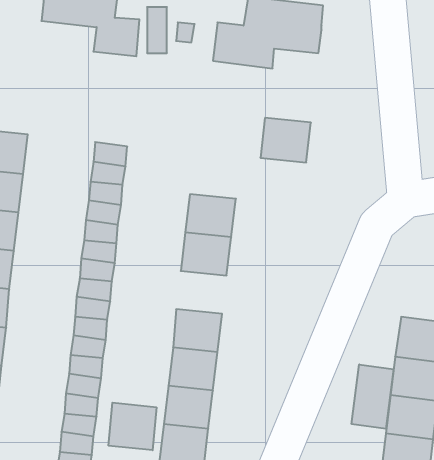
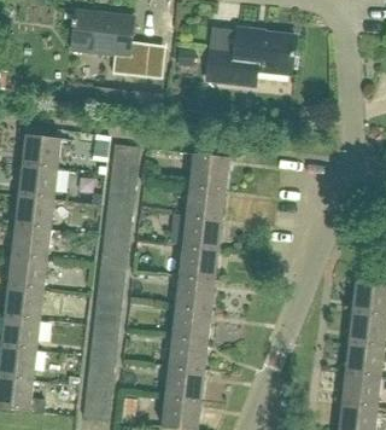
building: [260,118,311,162] -> [189,152,229,187]
building: none -> [179,244,218,278]
building: [352,364,394,429] -> none
building: [109,403,156,450] -> none

